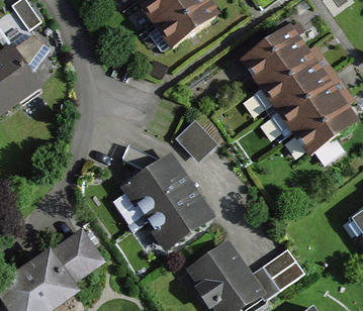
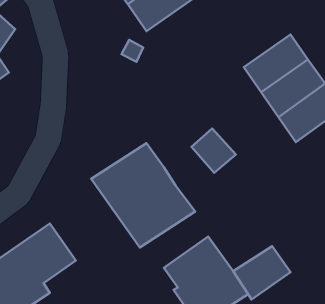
building: [246,28,305,82] -> none
building: [176,118,217,160] -> [191,128,236,173]

